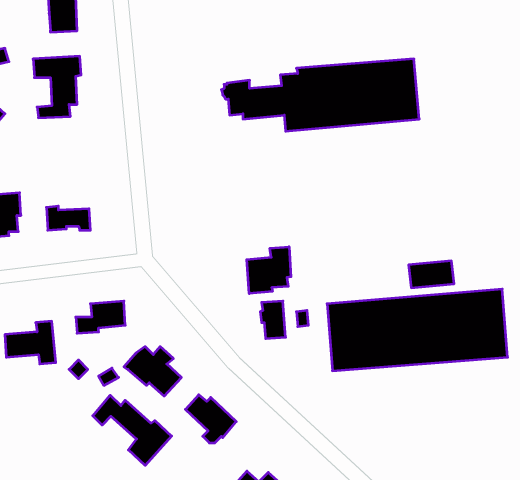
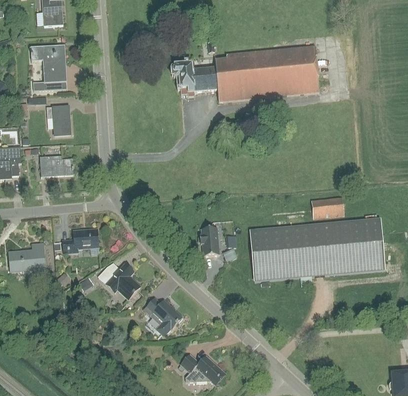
building: none -> [47,107,70,136]
building: [247,247,291,294] -> none
building: [93,395,172,465] -> none

